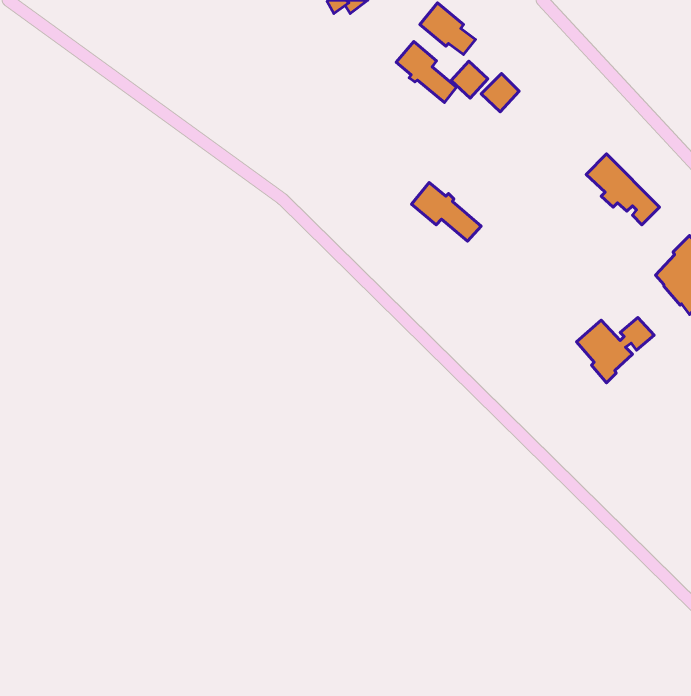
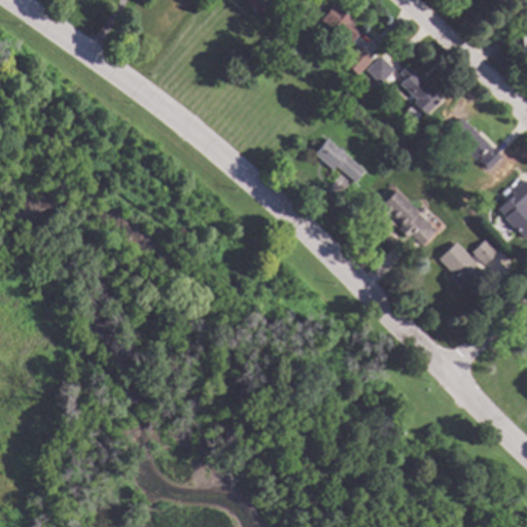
building: [396,42,457,102] -> none
building: none -> [401,65,444,115]
building: none -> [379,190,437,245]

